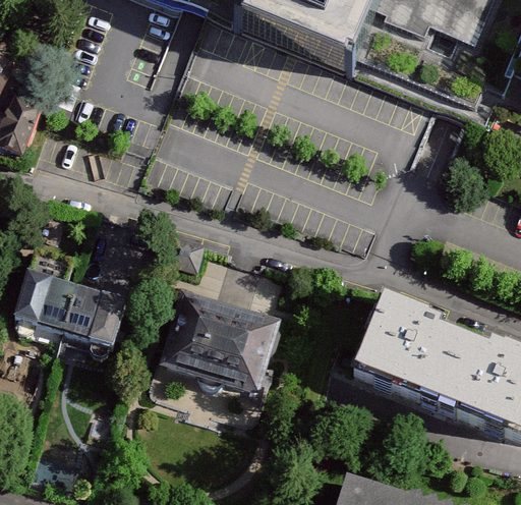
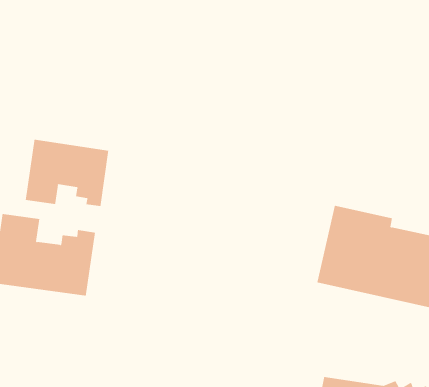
building: none -> [25,139,109,207]
building: [157,292,281,399] -> none

